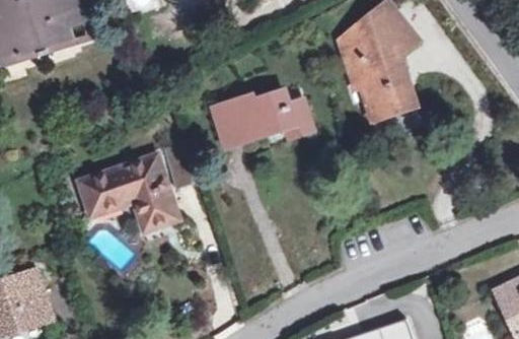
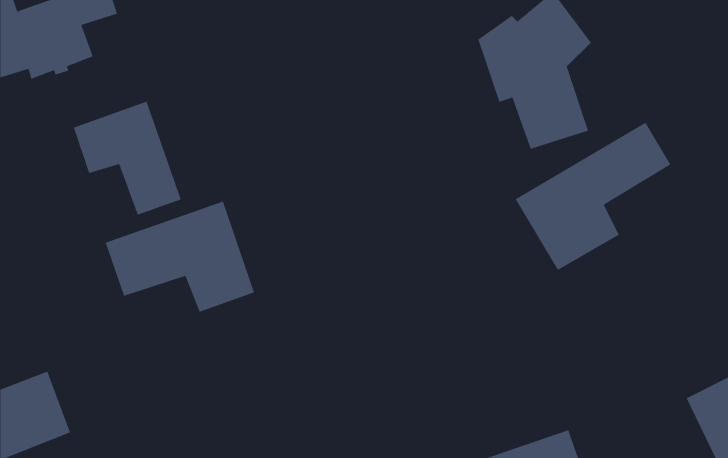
building: none -> [73,101,181,215]
building: [208,88,313,156] -> none
building: none -> [515,122,671,271]

